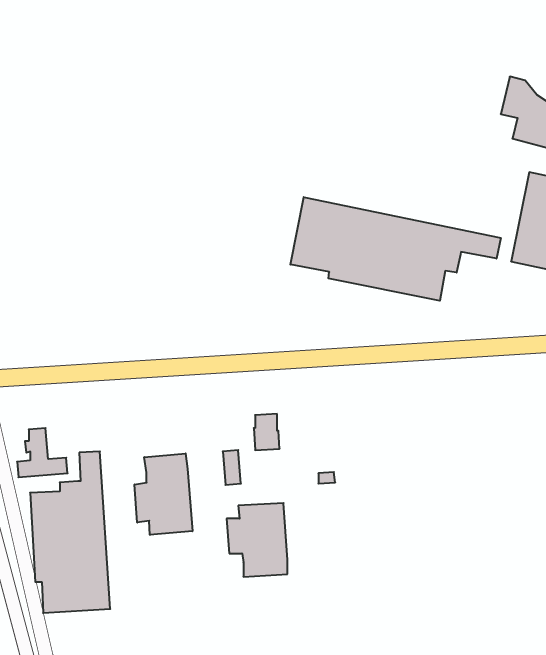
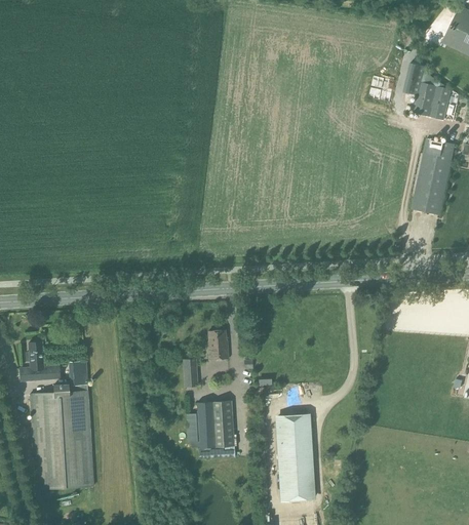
building: [290,197,501,301] -> none
building: [135,453,192,535] -> none
building: none -> [278,413,313,499]

